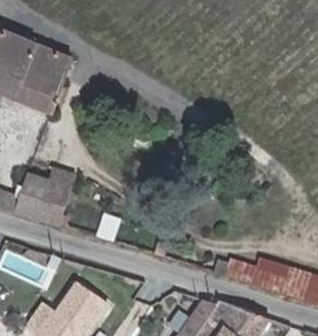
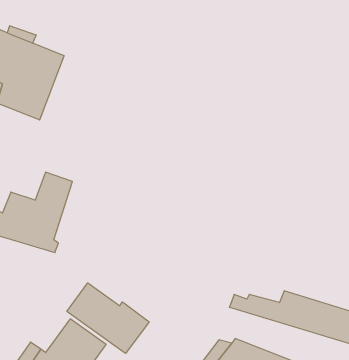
building: none -> [67,283,149,353]

